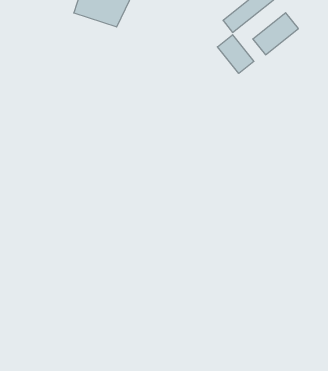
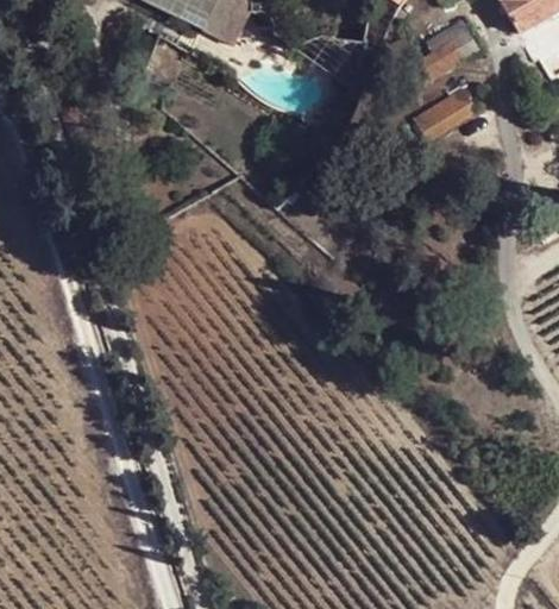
building: [217,35,254,73] -> none

